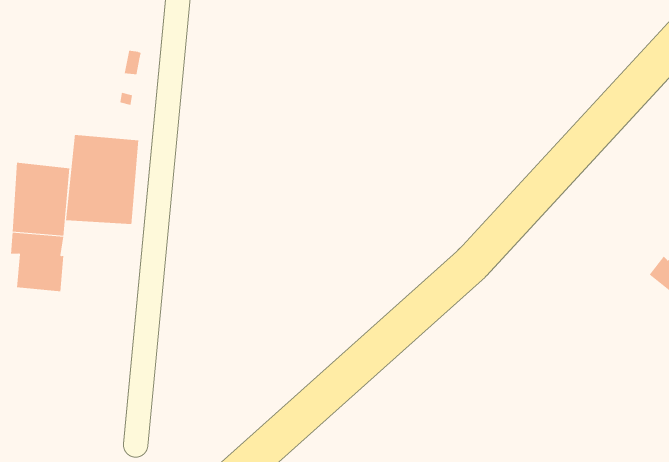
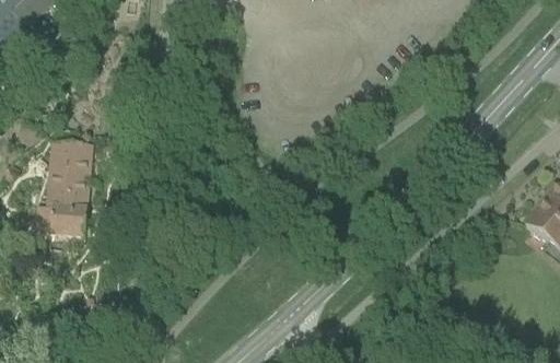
building: [66,134,139,225] -> none

